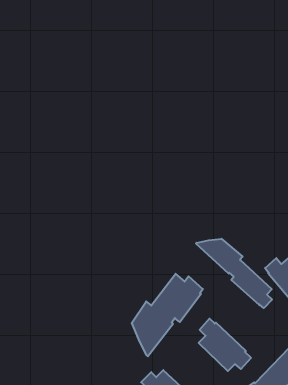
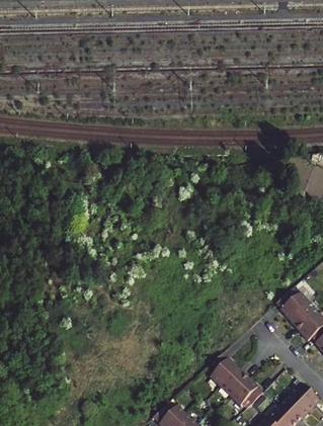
building: [196,239,272,308] -> none
building: [132,274,203,356] -> none

